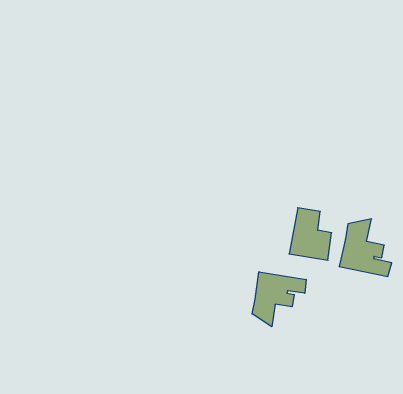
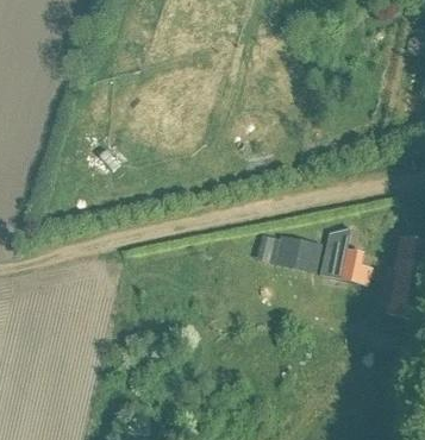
building: [252,272,306,327] -> none

